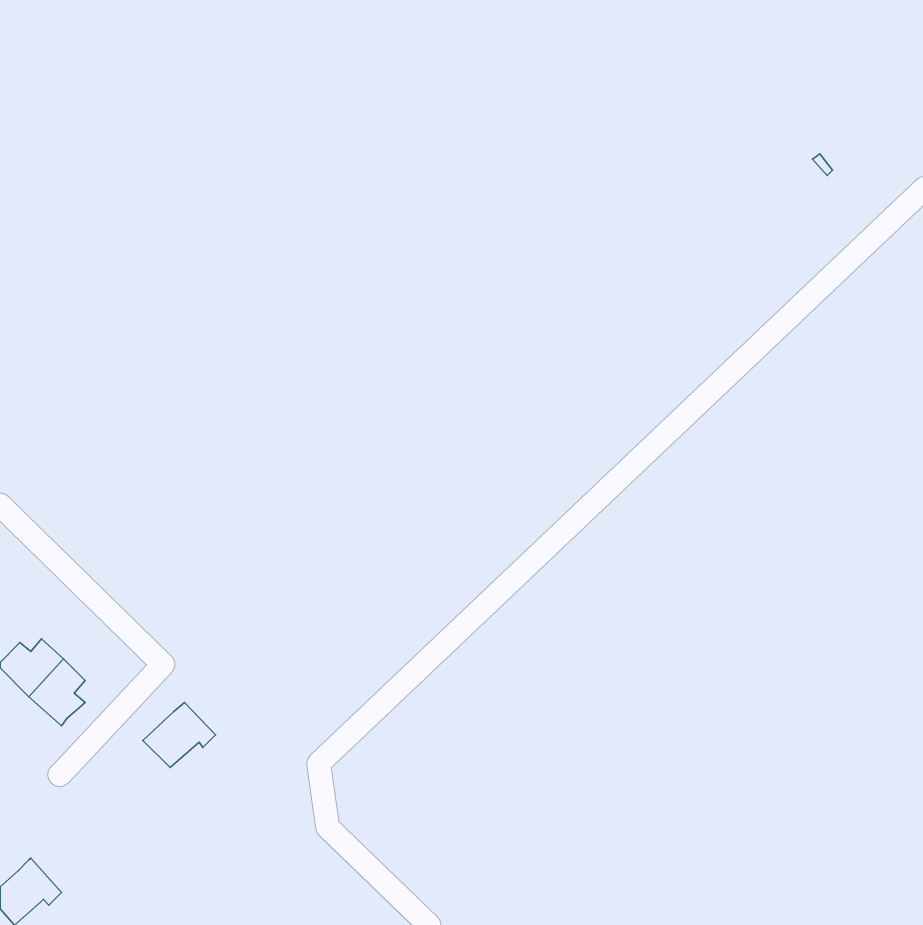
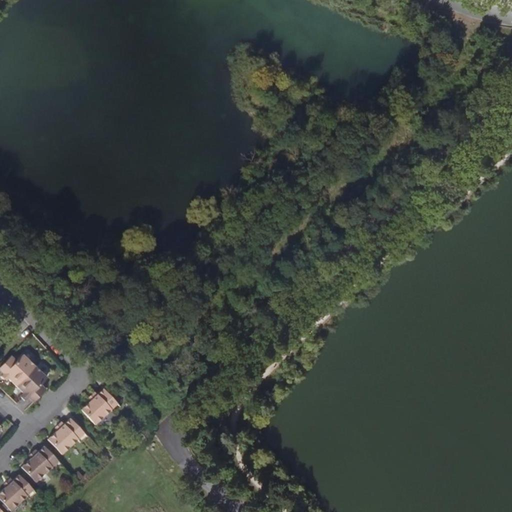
building: none -> [47,418,87,455]
building: none -> [20,445,60,482]

